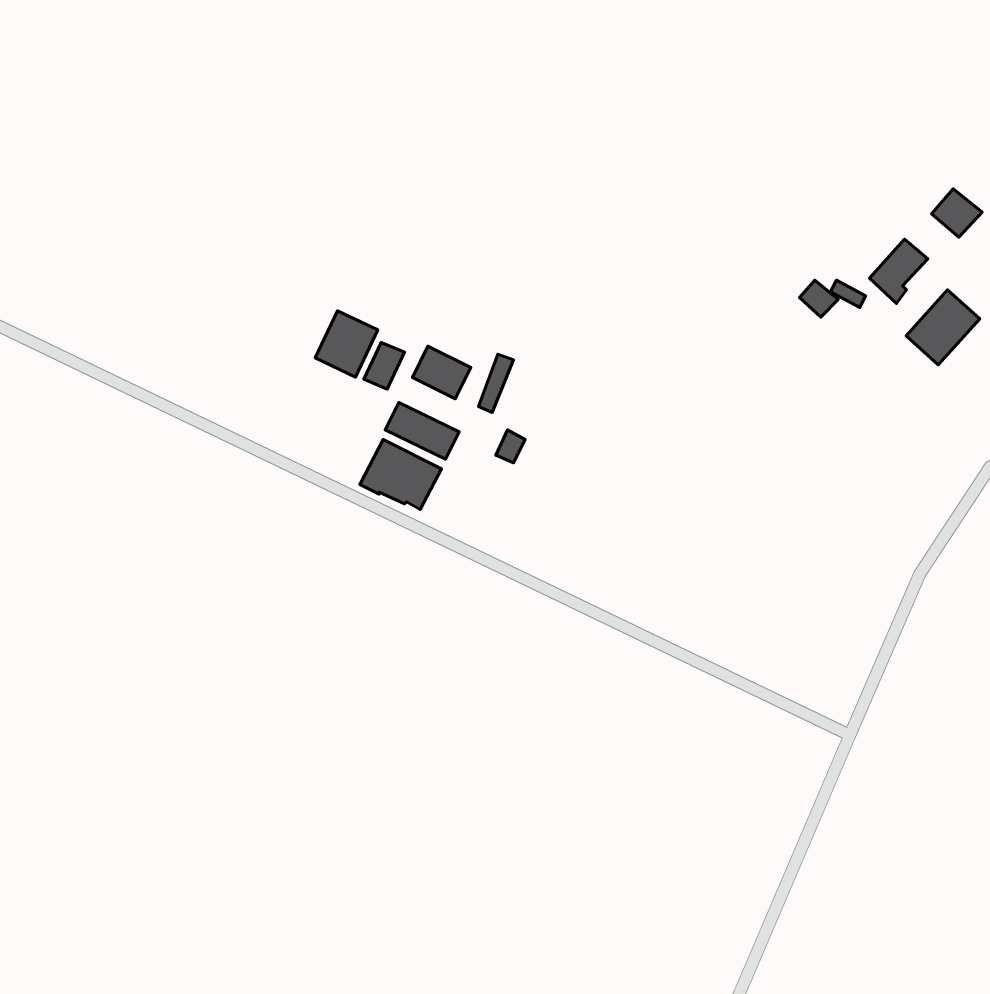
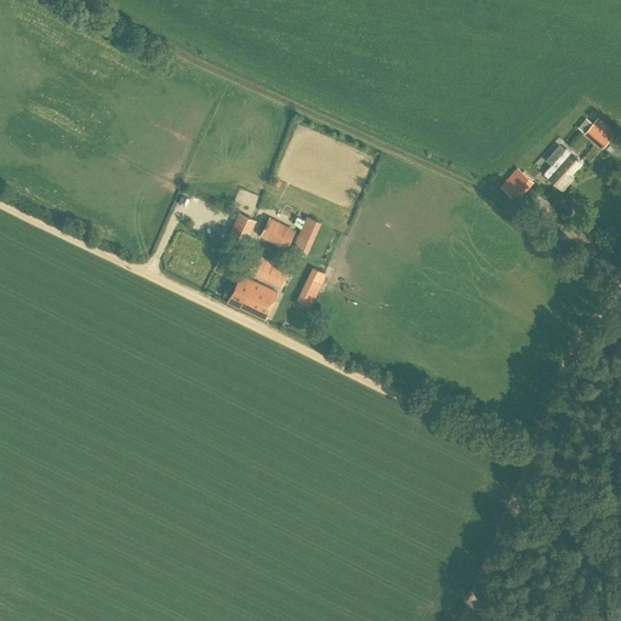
building: [906,290,980,365] -> none
building: [315,311,378,377] -> none

